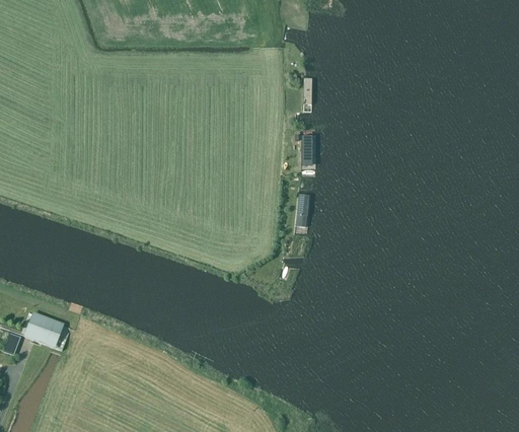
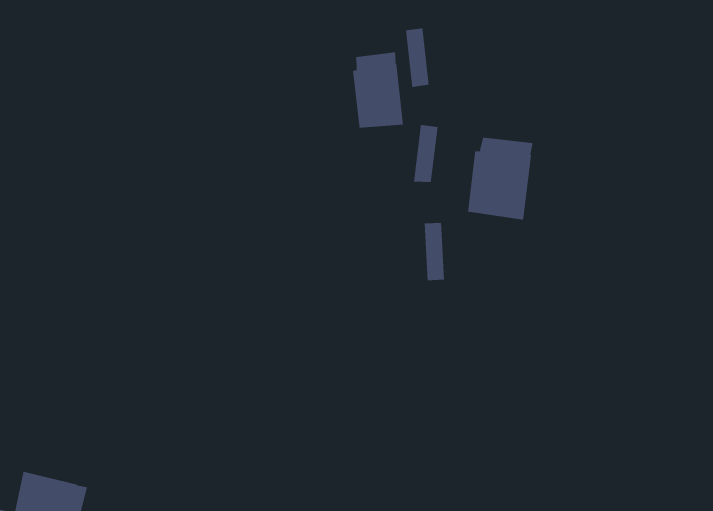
building: none -> [352,51,404,129]
building: none -> [468,137,533,221]

